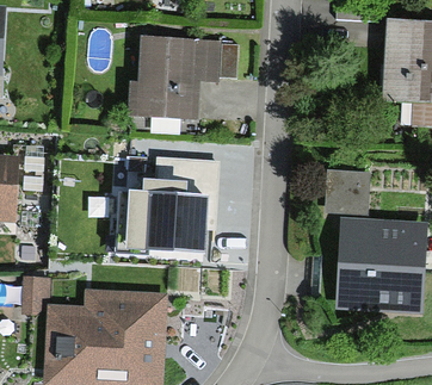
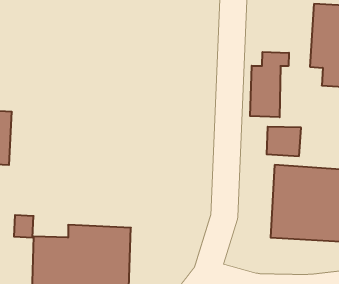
building: [125,41,237,116] -> none
building: none -> [250,52,289,117]
building: [121,156,222,247] -> none

